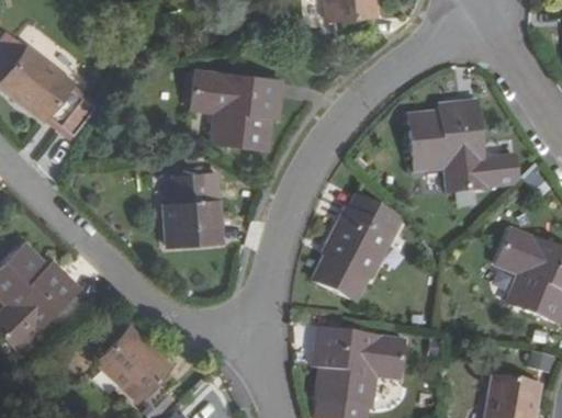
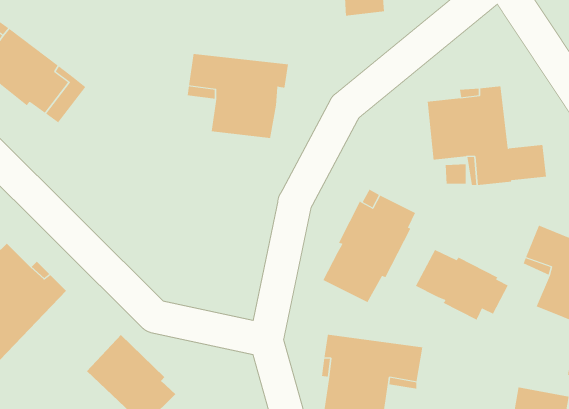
building: [162,173,222,245] -> none
building: none -> [415,249,508,320]

